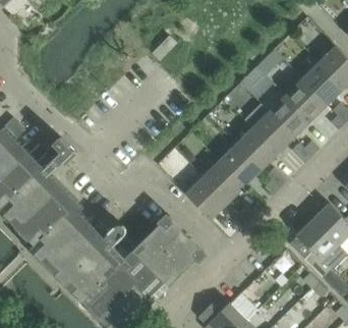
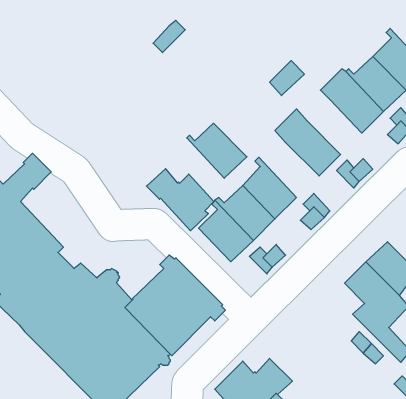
building: [268,97,309,139] -> none
building: [231,129,277,171] -> [187,123,247,178]
building: none -> [146,169,214,231]

